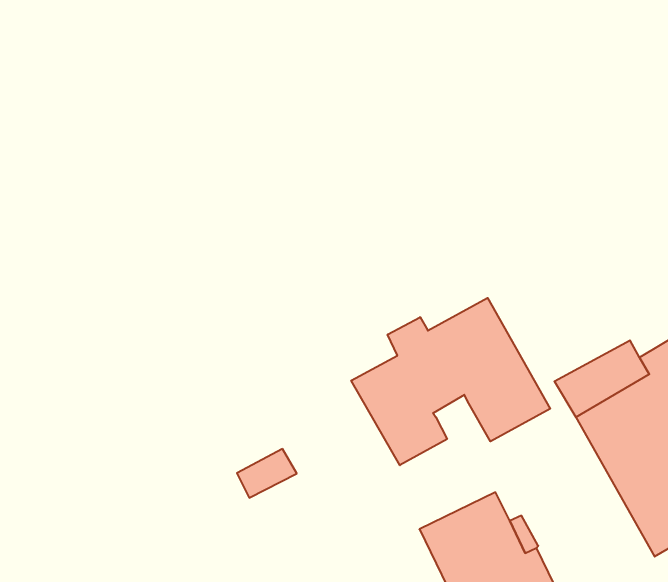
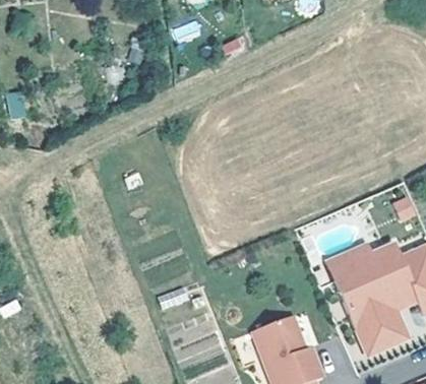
building: [351,298,550,465] -> none

